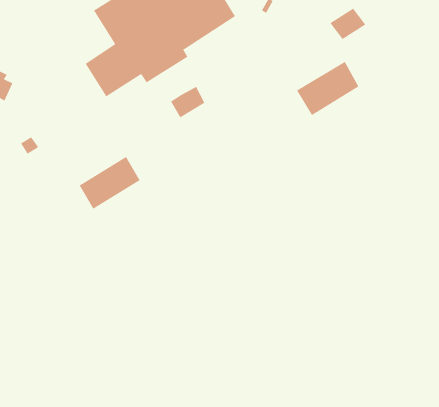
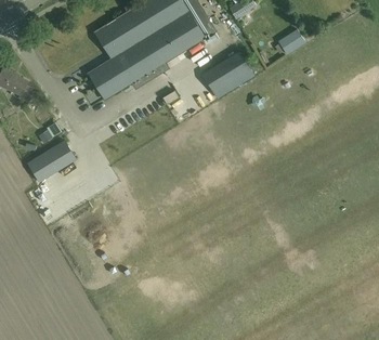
building: [296,61,359,116] -> [202,50,251,92]
building: [79,156,141,209] -> [28,140,76,181]

